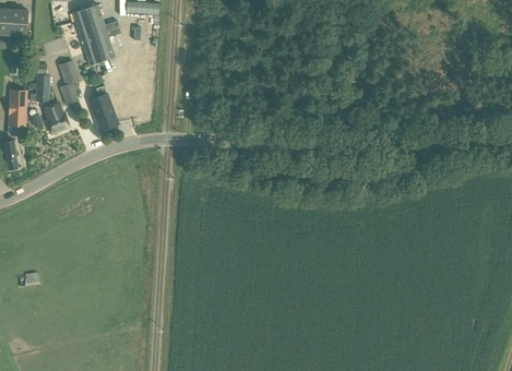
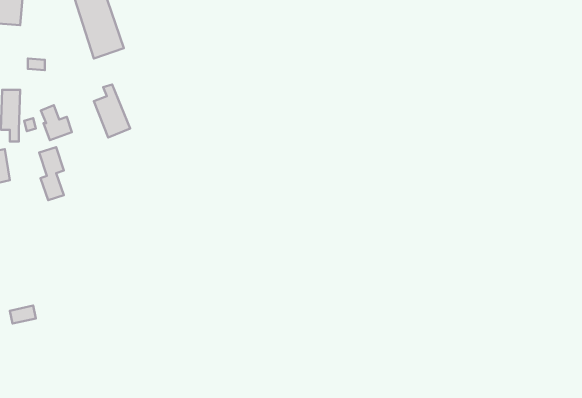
building: [59,61,80,106] -> [39,147,64,200]
building: [32,75,50,101] -> none

